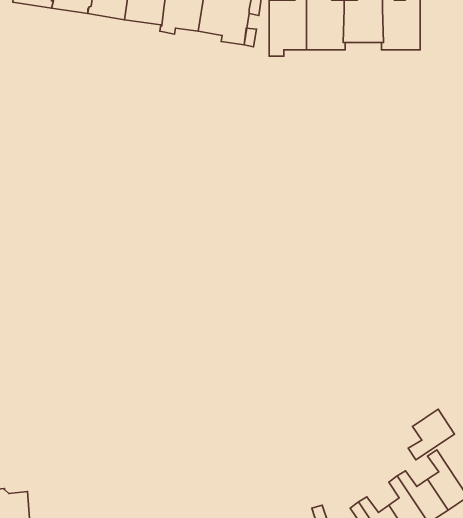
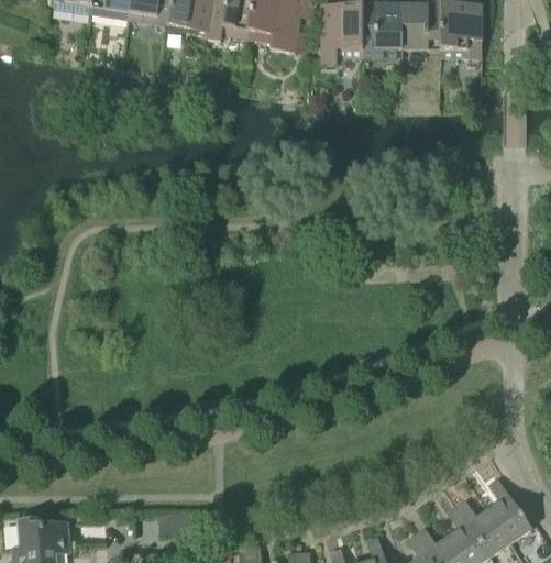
building: [408,409,454,460] -> none

